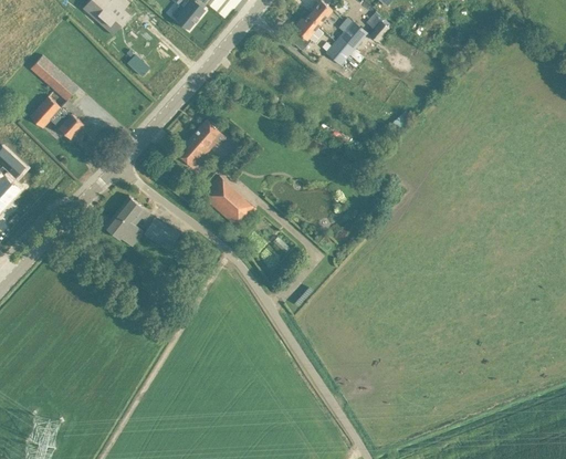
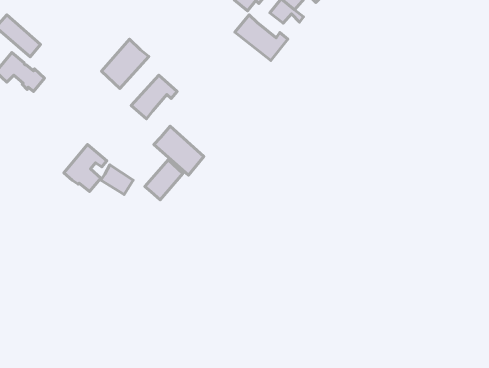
building: none -> [235,15,288,60]
building: none -> [102,39,149,89]
building: none -> [145,160,183,200]

